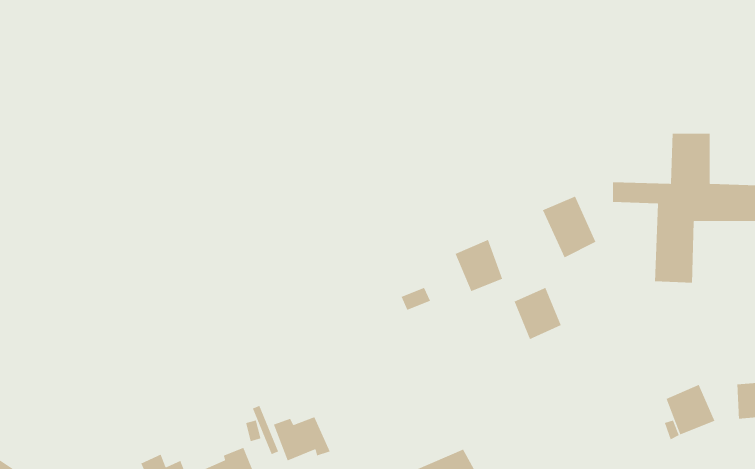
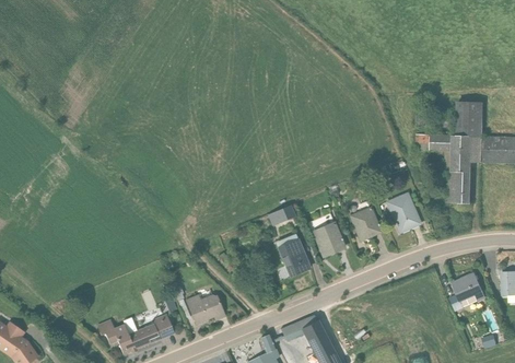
building: [542,195,597,259] -> [384,191,421,234]
building: [455,239,503,292] -> [312,221,344,257]
building: none -> [277,237,312,277]

